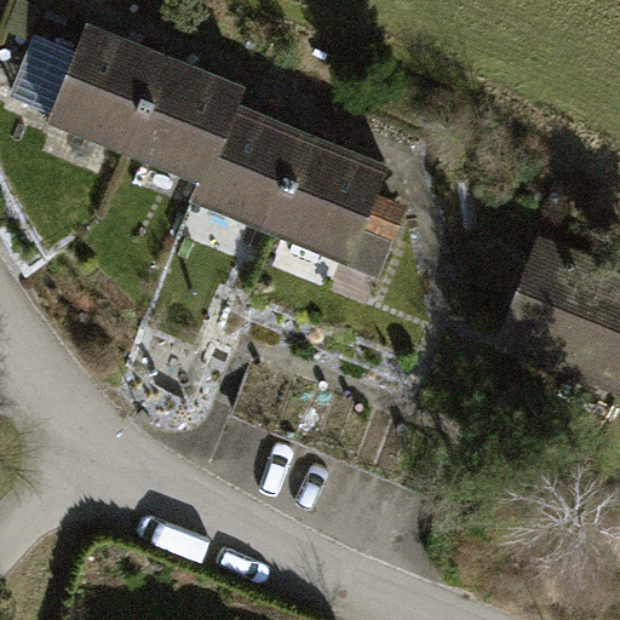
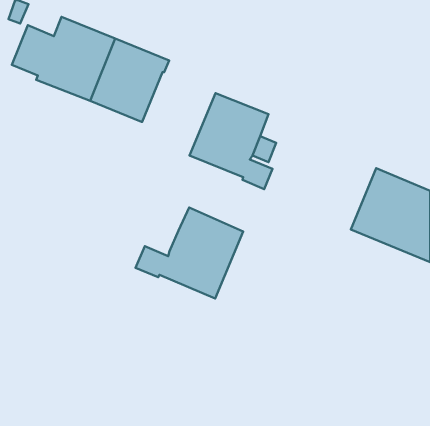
building: [195,109,310,229] -> none
building: none -> [136,208,243,299]

